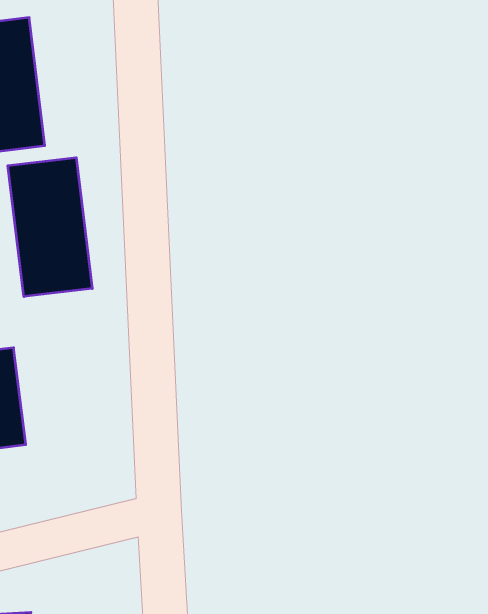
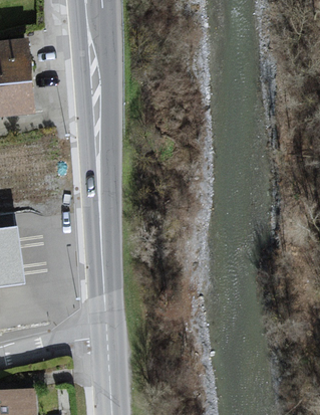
building: [8,158,92,297] -> none

